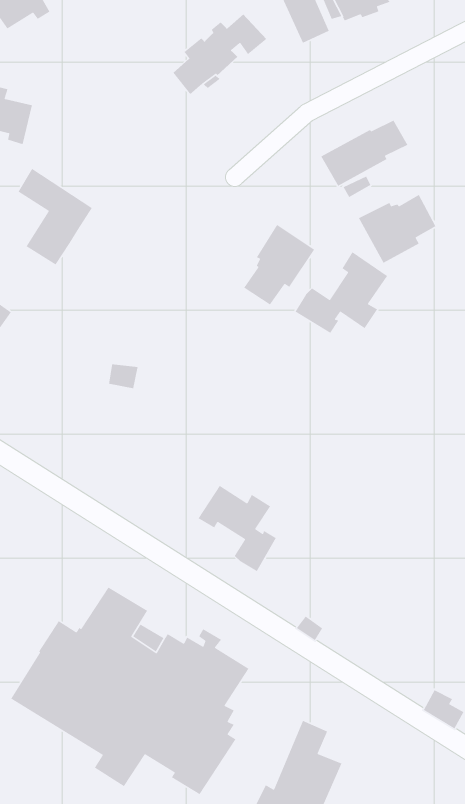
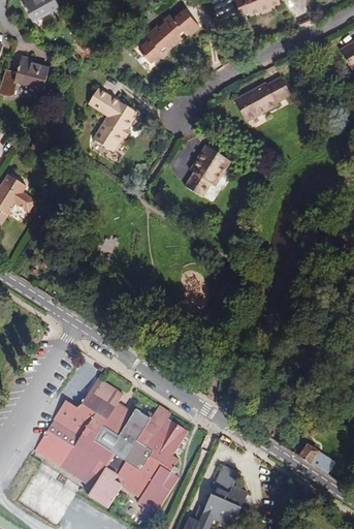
building: [17,168,93,266] -> [88,88,136,151]
building: [358,194,436,264] -> none
building: [294,251,388,334] -> none
building: [198,485,277,572] -> none

